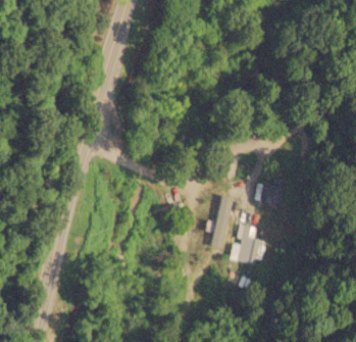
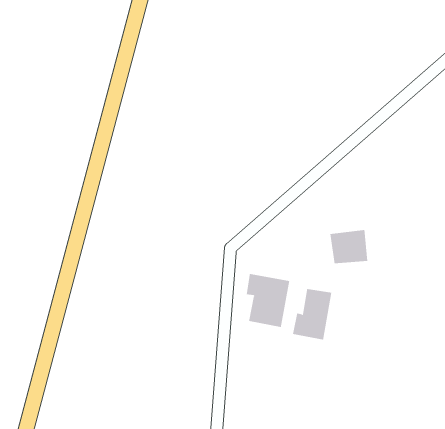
building: none -> [246,273,290,328]

